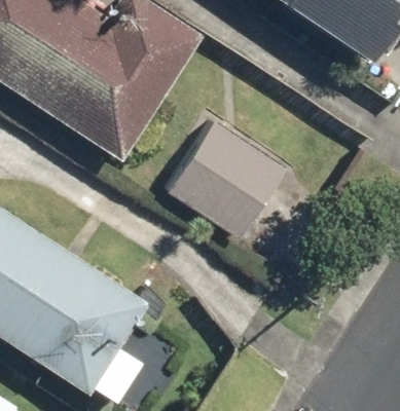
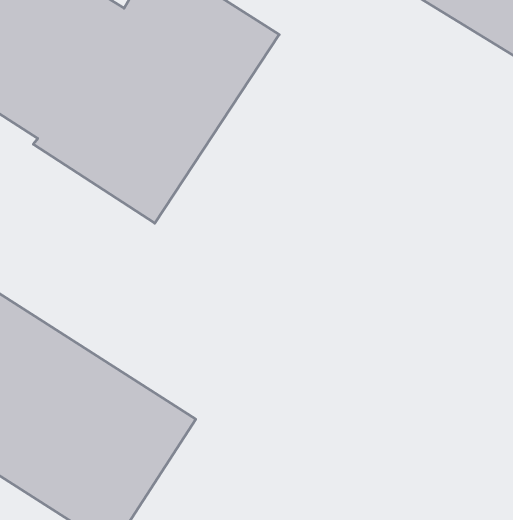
building: [162,114,289,241] -> none

